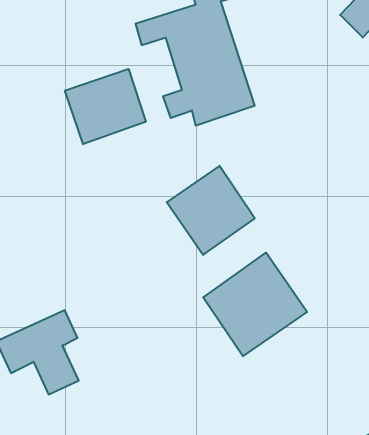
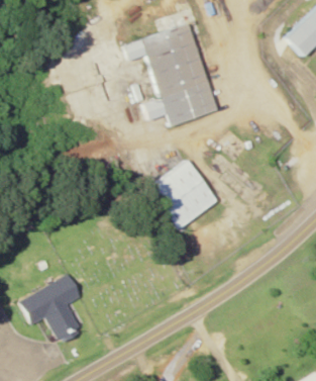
building: [65,69,146,144] -> none
building: [203,253,307,356] -> none

